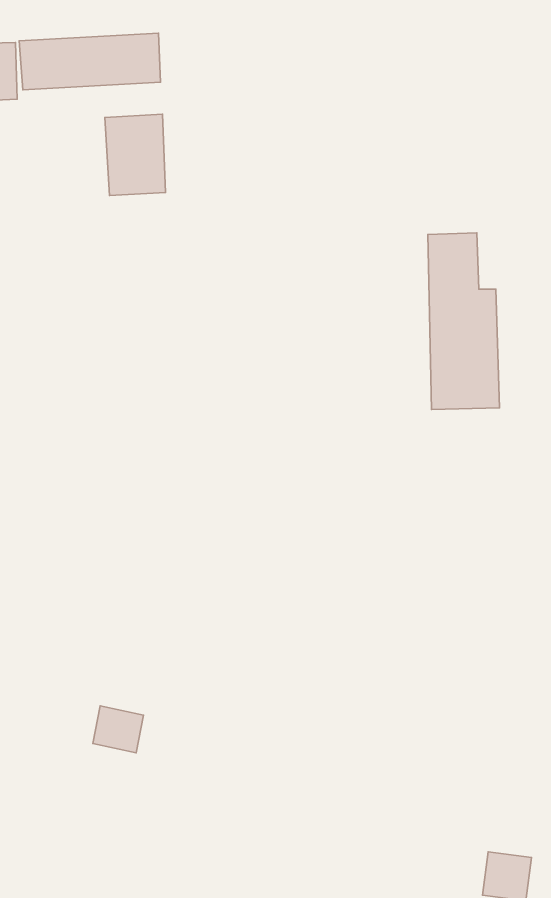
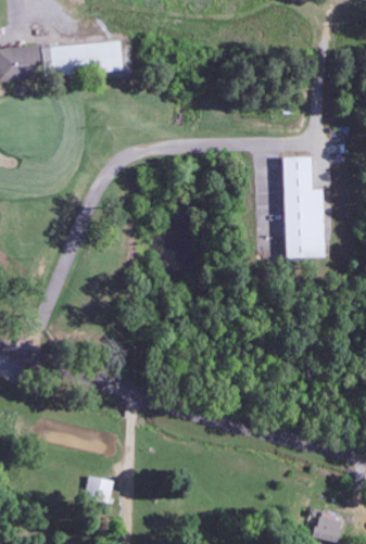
building: [105,114,166,195] -> none
building: [93,706,144,753] -> [85,475,114,502]

